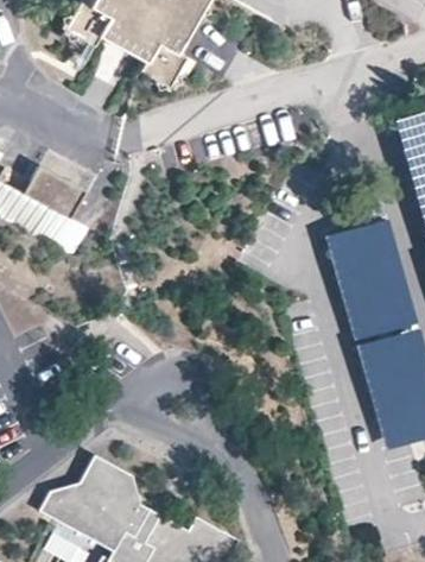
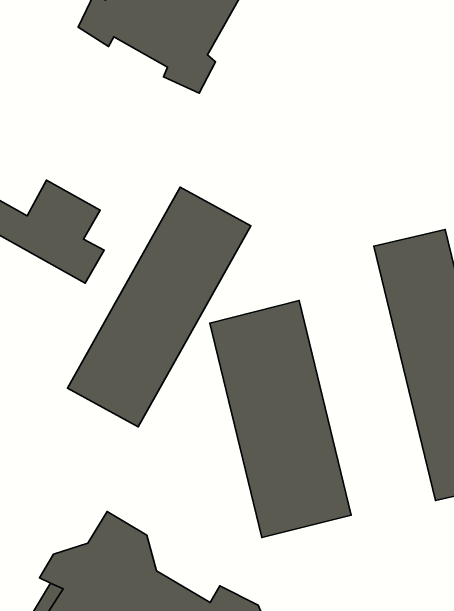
building: none -> [68,187,251,427]
building: none -> [210,301,351,538]

